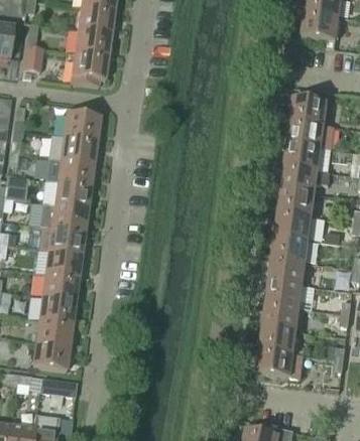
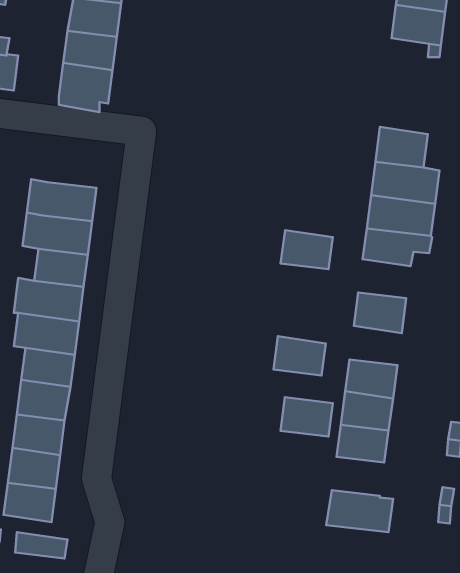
building: [63,113,100,139] -> none
building: [278,188,315,215] -> [281,230,333,269]
building: [272,235,309,262] -> [273,336,326,375]
building: [260,325,296,352] -> [281,397,333,437]

